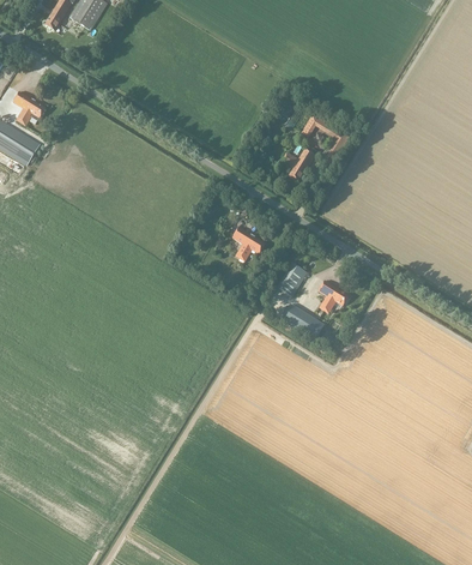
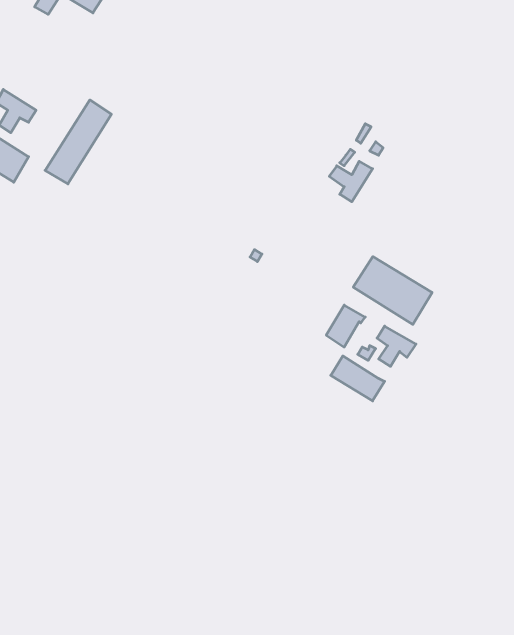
building: none -> [45,100,111,184]
building: none -> [353,257,432,324]
building: [232,227,266,260] -> none

